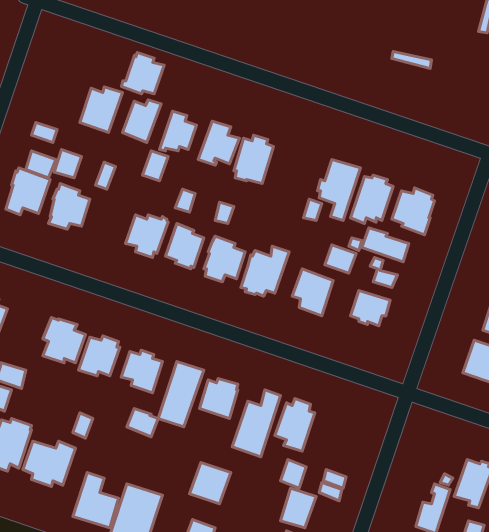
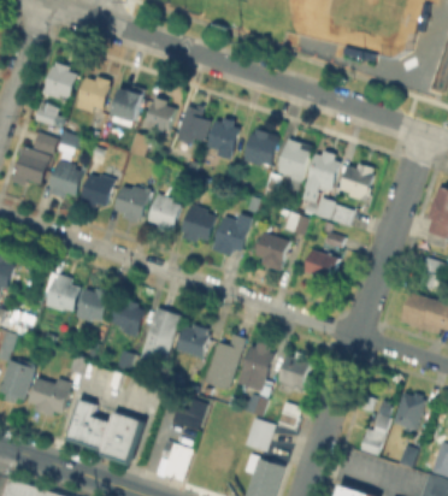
building: [122,52,164,94] -> [42,63,78,98]
building: none -> [242,128,281,166]
building: none -> [82,173,116,207]
building: none -> [278,354,311,392]

